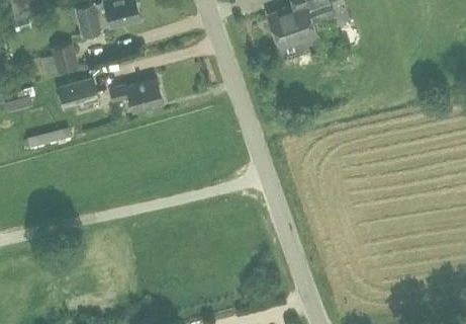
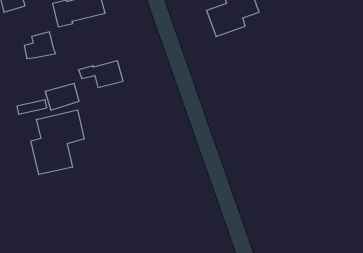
building: [56,78,98,111] -> [45,83,79,110]
building: none -> [31,110,84,175]

